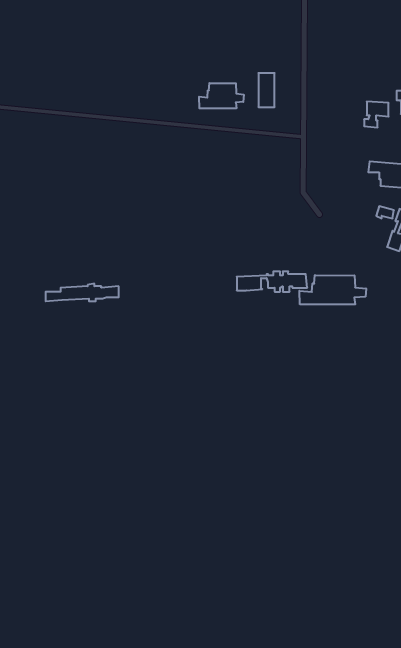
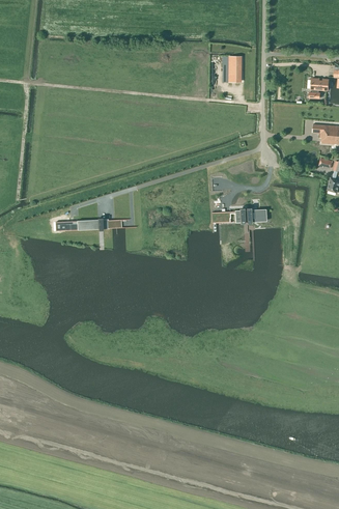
building: [199,83,244,108] -> none
building: [299,275,366,304] -> none

